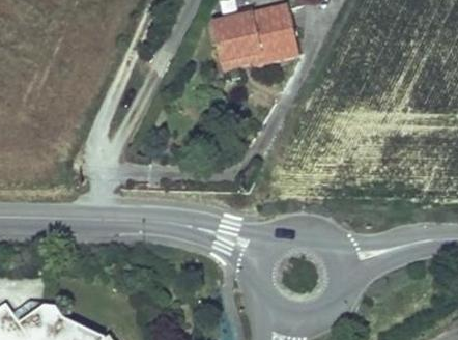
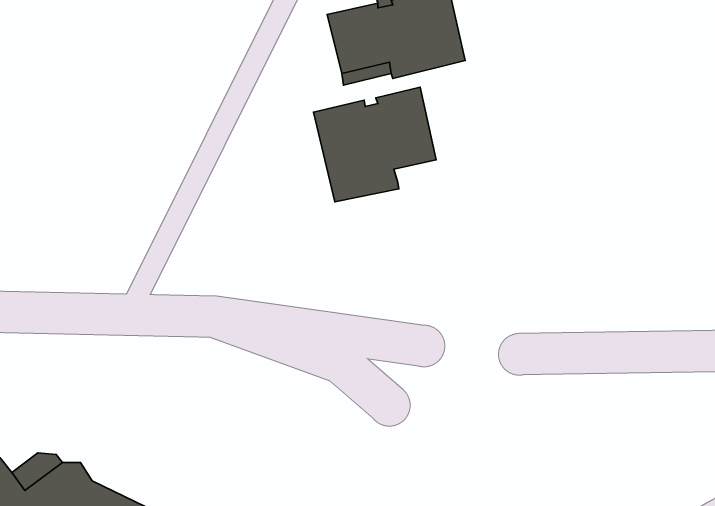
building: none -> [314,87,436,202]

